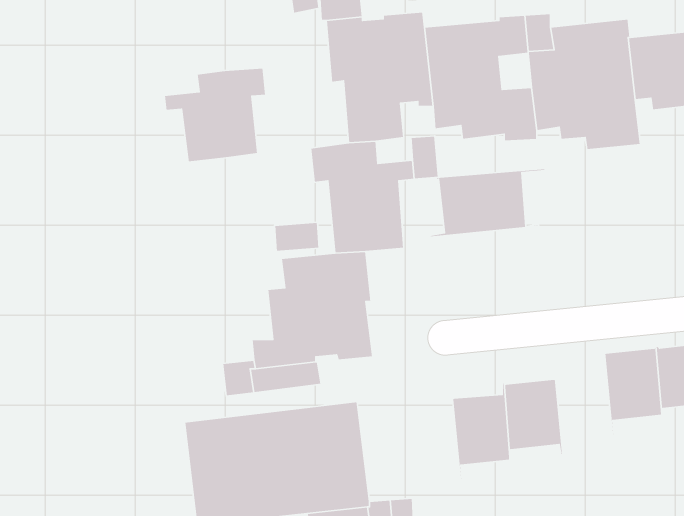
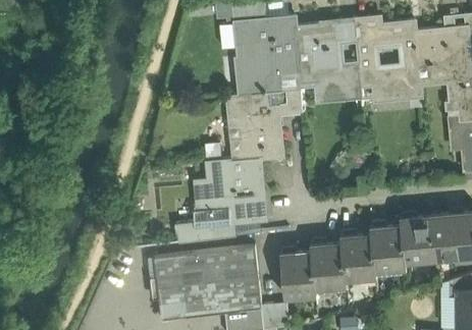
building: [164,68,266,162] -> none
building: [430,168,545,237] -> none
building: none -> [371,216,406,278]
building: none -> [280,243,316,298]

